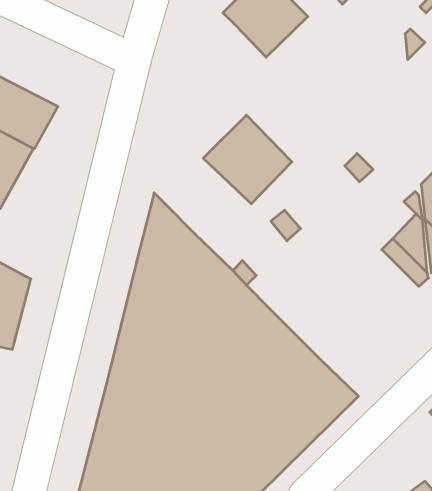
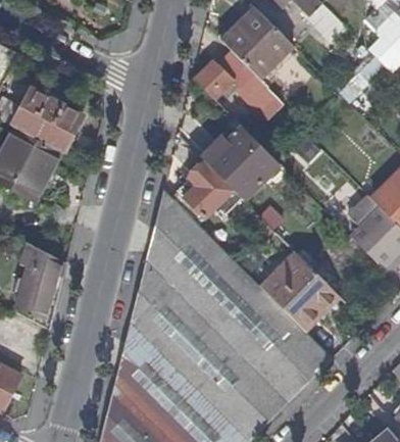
building: none -> [194,50,273,107]
building: none -> [171,161,241,224]
building: none -> [259,251,337,329]

